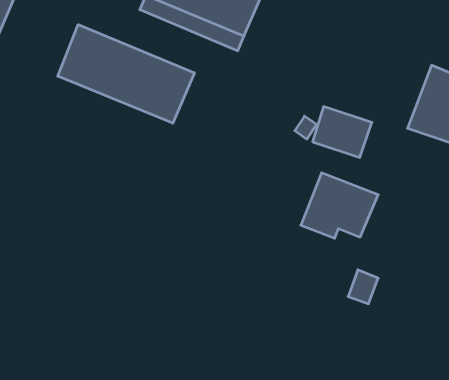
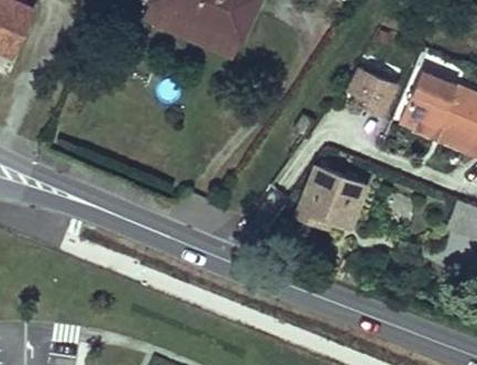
building: [58,25,194,123] -> none
building: [313,107,372,157] -> [341,67,395,113]

